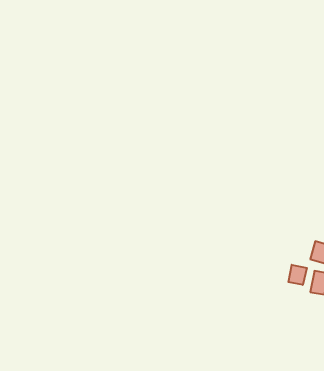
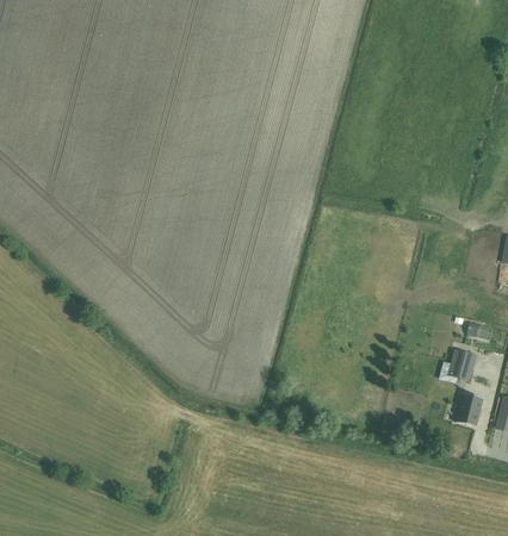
building: [288,265,307,285] -> none

